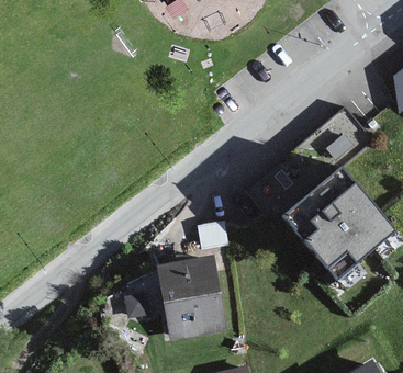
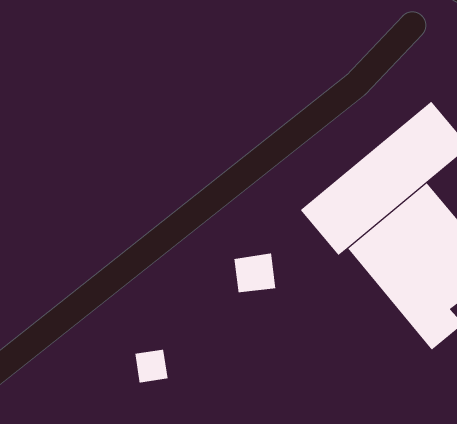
building: [158,257,225,337] -> none

